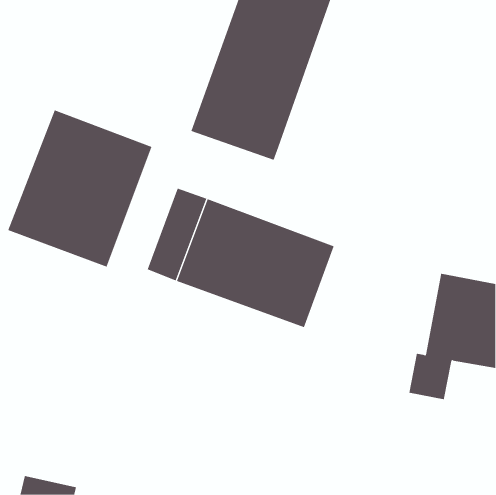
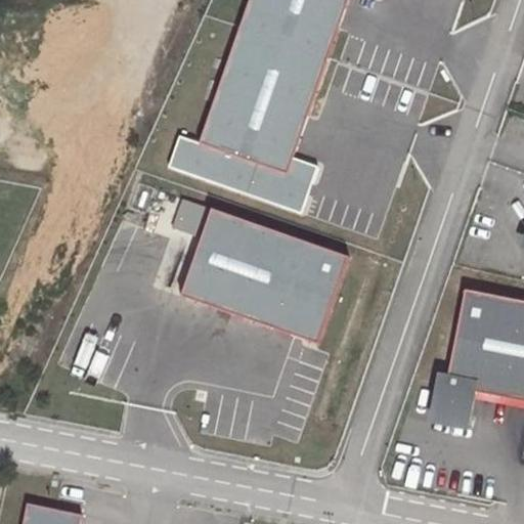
building: [8,109,152,267] -> none
building: none -> [171,132,318,214]

